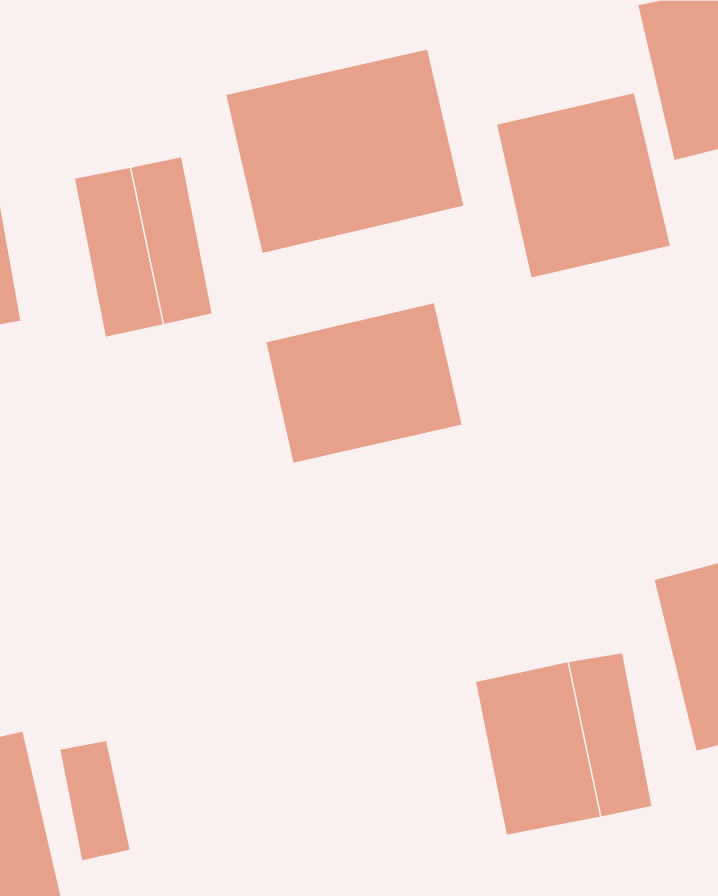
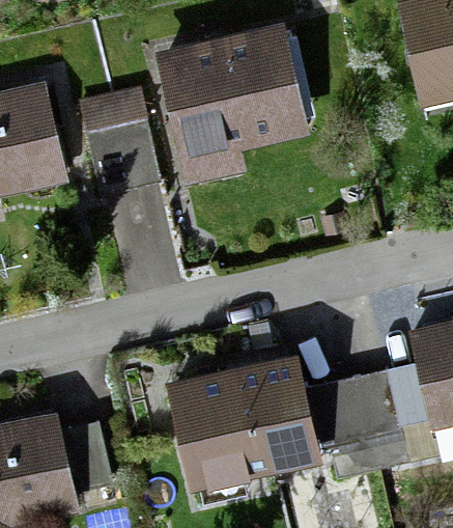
building: [496,93,670,278] -> none
building: [266,303,462,463] -> none
building: none -> [172,358,309,481]

